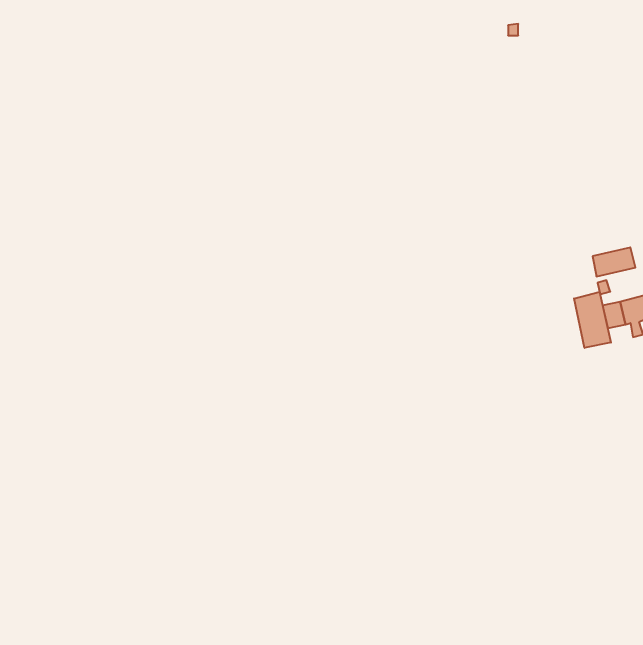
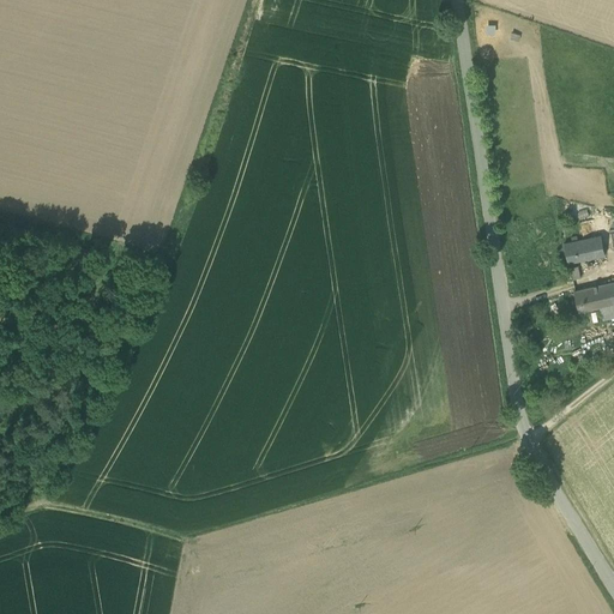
building: [574,292,611,348] -> none

